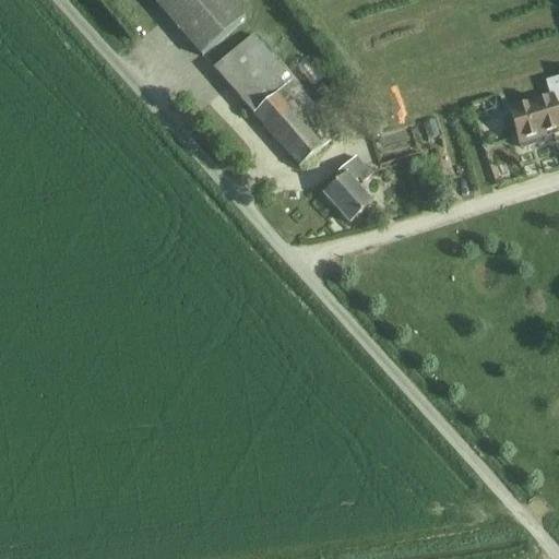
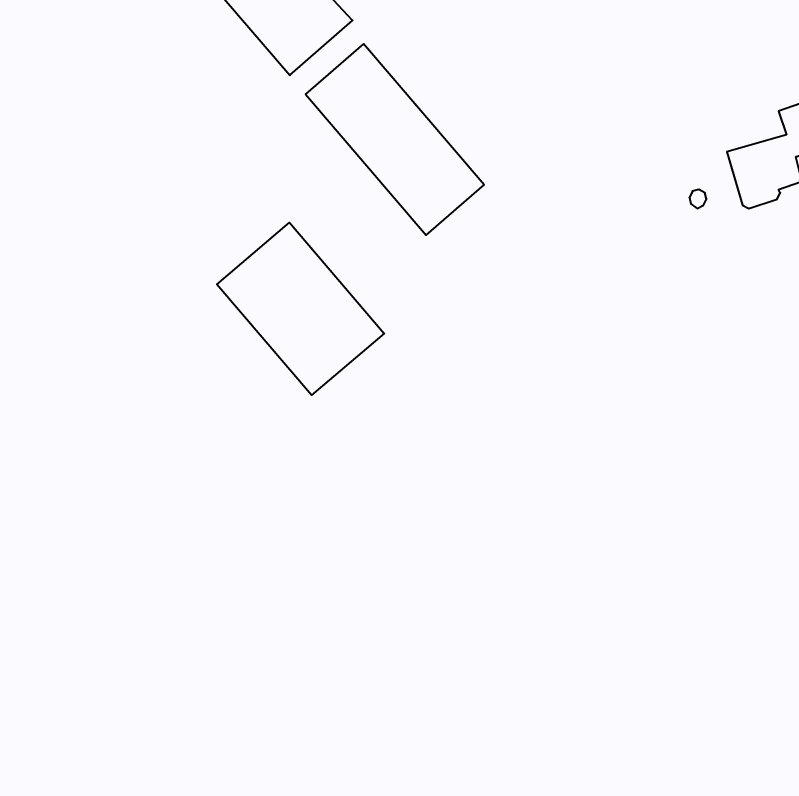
building: [324,152,373,217] -> none
building: none -> [217,223,384,395]

